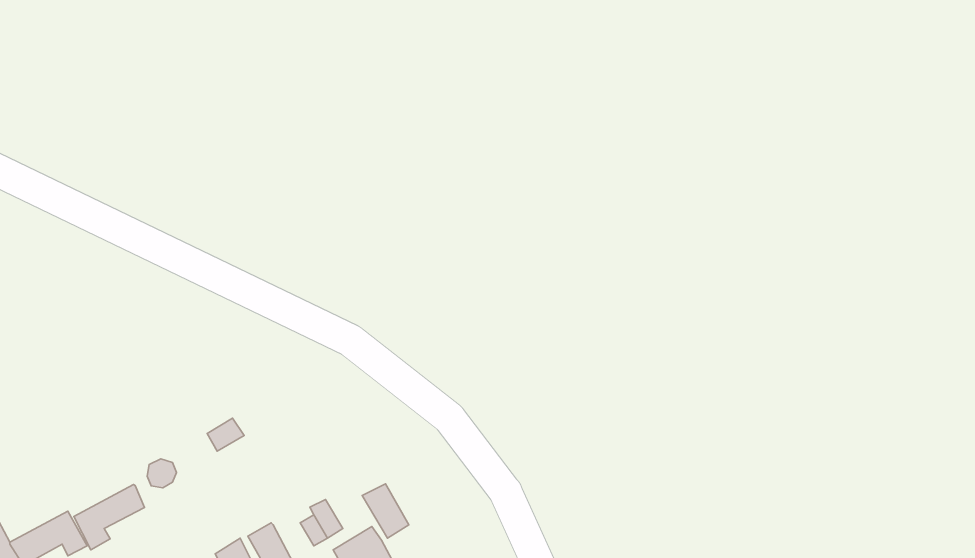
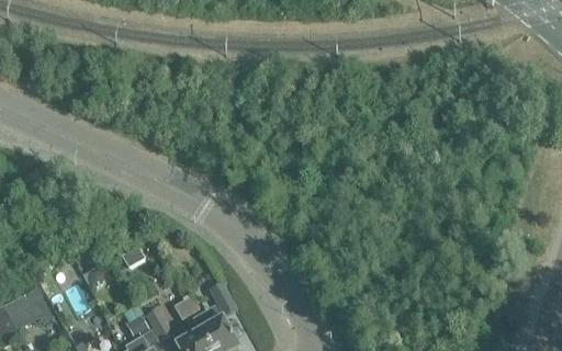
building: [74,485,145,550] -> none

